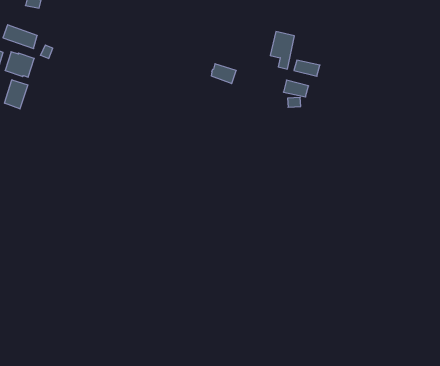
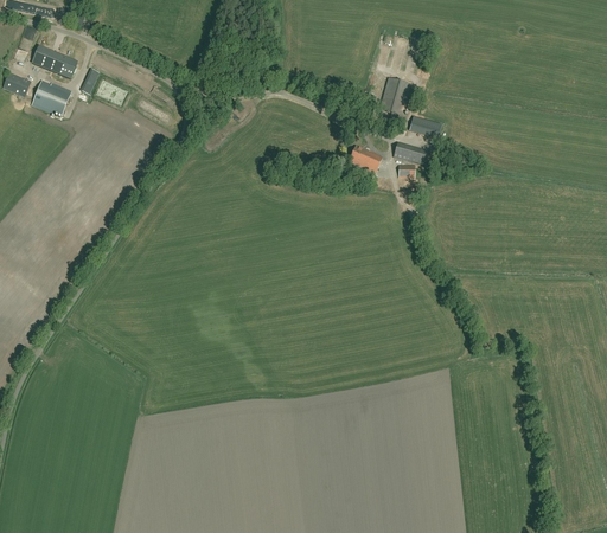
building: [211,64,236,84] -> [350,146,383,173]
building: [5,80,28,109] -> none

